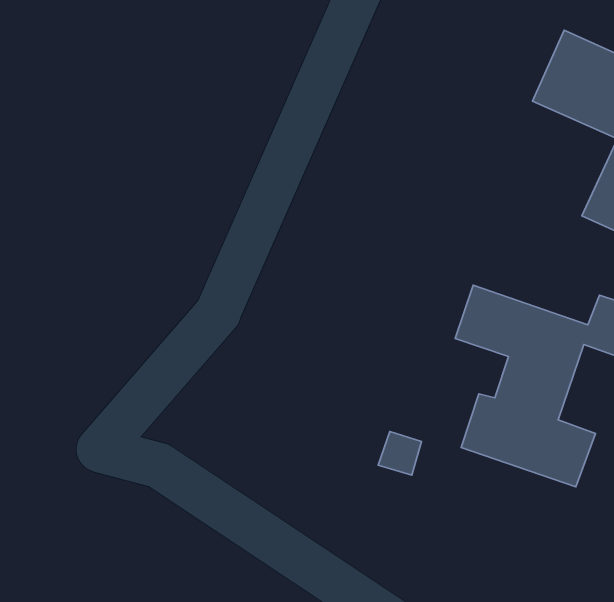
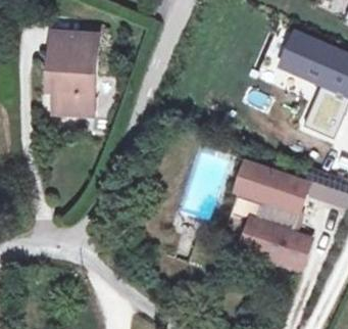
building: none -> [45,28,96,114]

